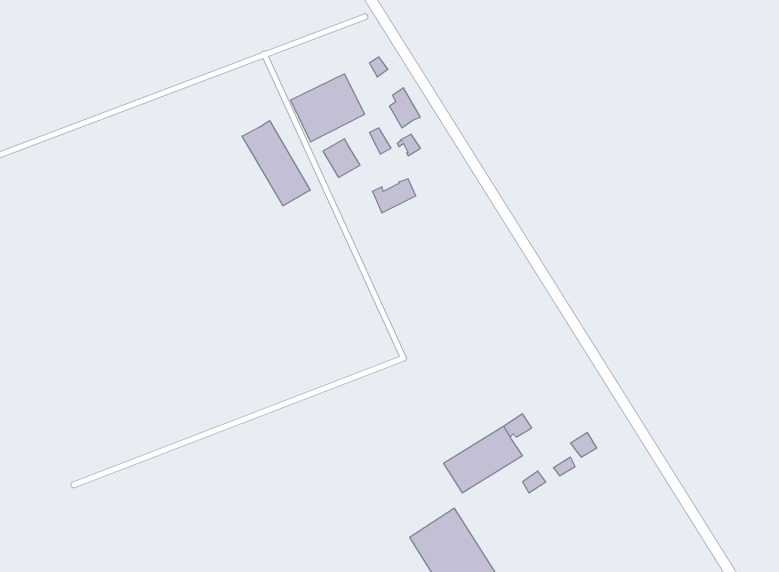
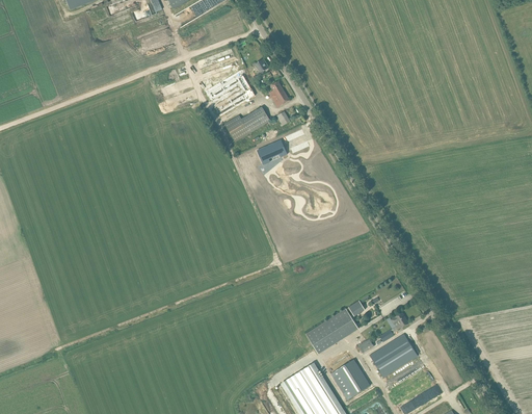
building: [242,121,310,206] -> none
building: none -> [369,333,418,377]
building: none -> [330,358,369,398]

